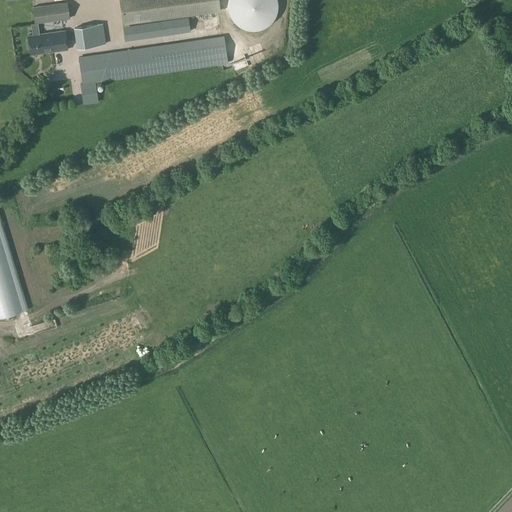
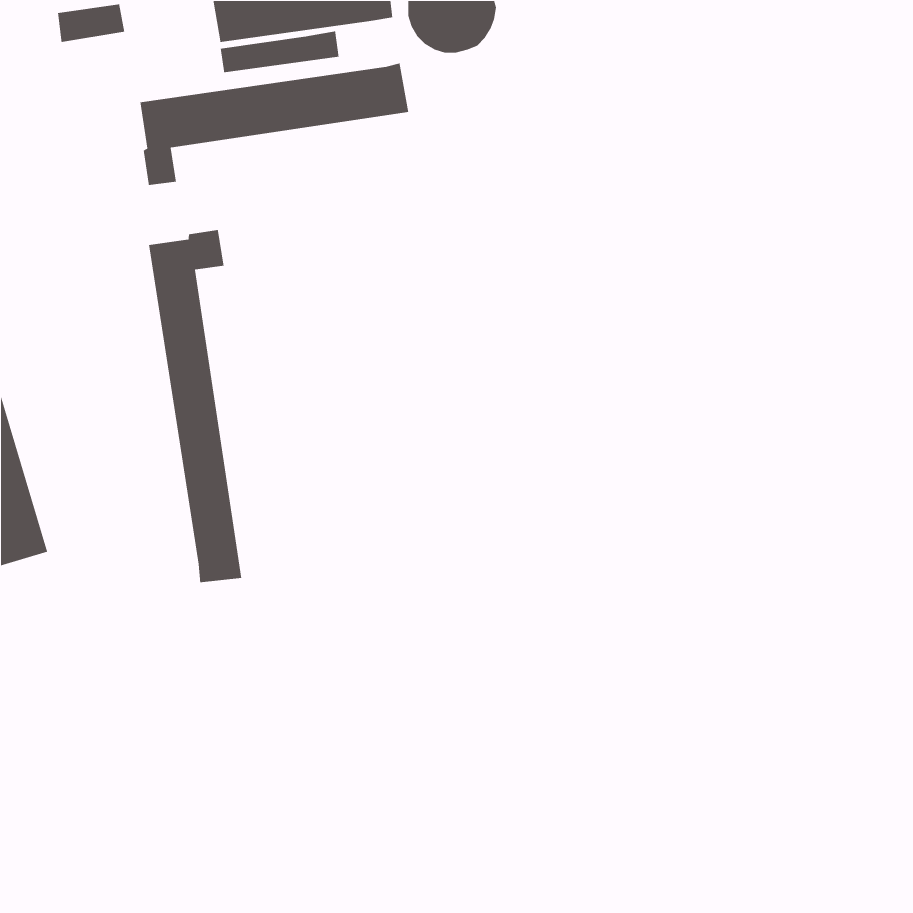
building: [74,23,106,48] -> none
building: [27,31,67,55] -> none
building: none -> [148,229,242,583]

